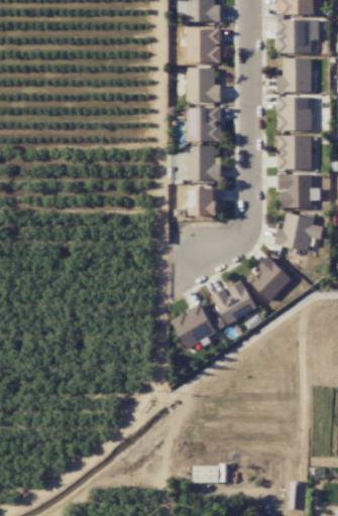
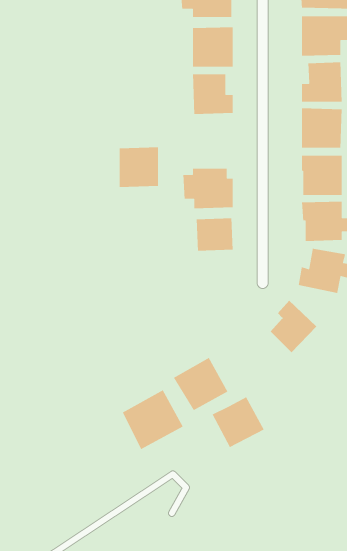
building: [188,107,221,141] -> [119,147,159,188]
building: [212,280,256,324] -> [211,396,265,448]
building: none -> [122,389,184,450]

